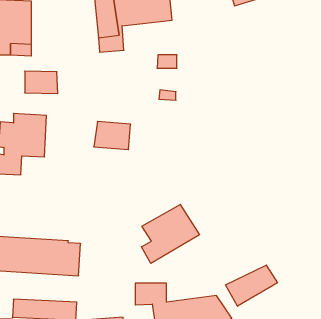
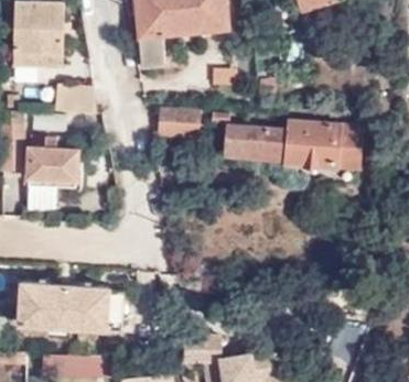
building: none -> [223,121,365,170]
building: [94,121,131,150] -> [157,106,200,139]
building: [141,204,200,263] -> none
building: [226,265,277,306] -> none

